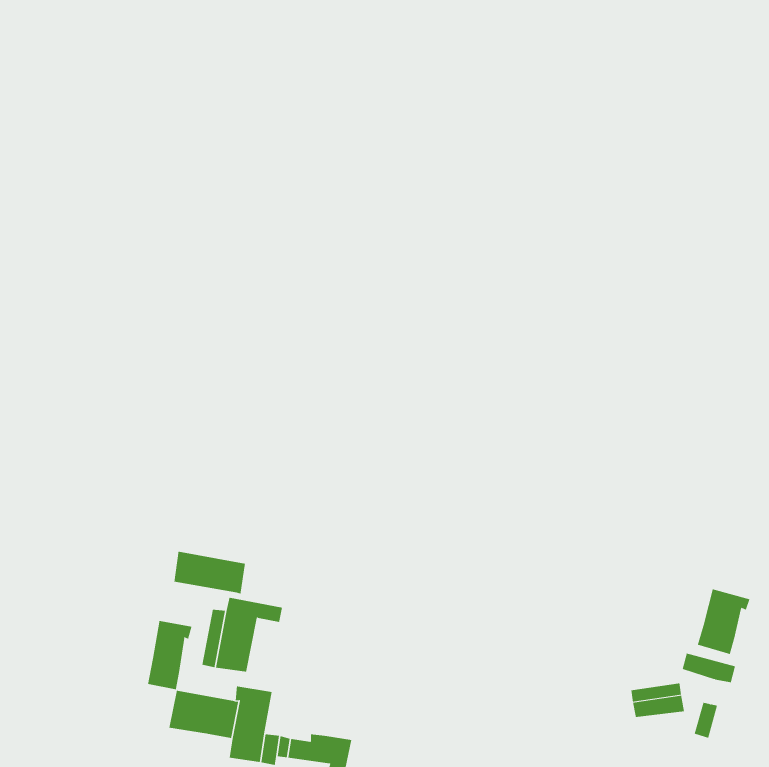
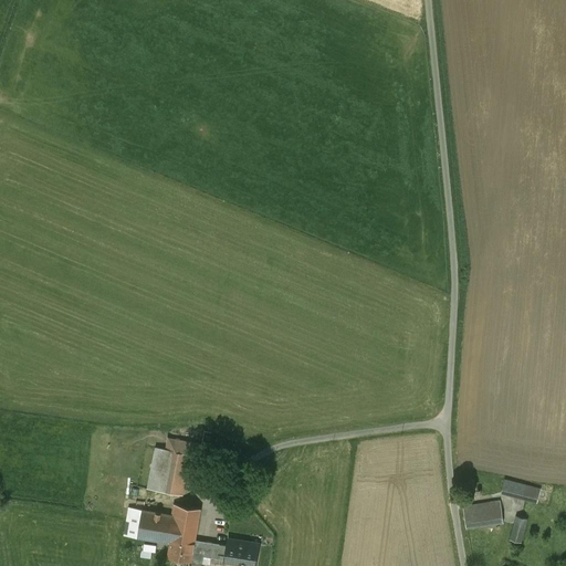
building: [174,551,245,595] -> none
building: [697,588,750,655] -> none
building: [147,620,192,690] -> none

